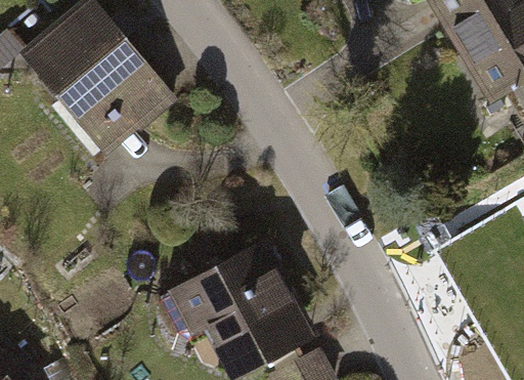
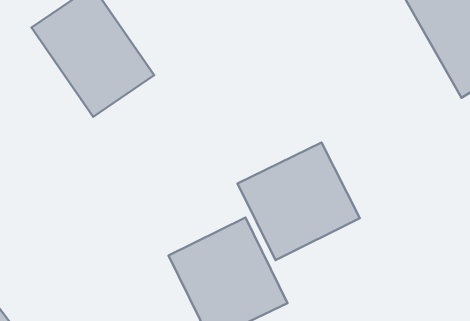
building: none -> [238,142,360,260]

